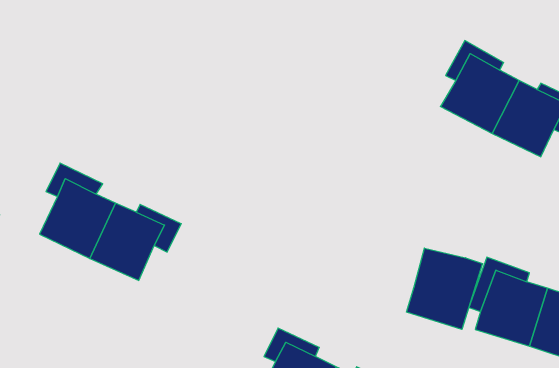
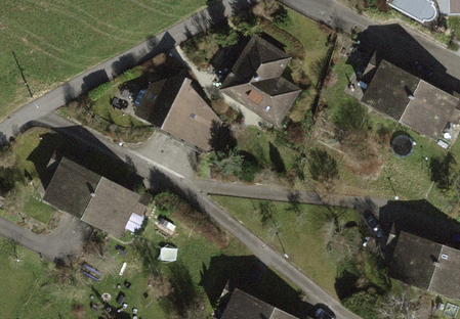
building: none -> [218,32,302,128]
building: none -> [133,75,223,151]
building: [406,248,483,329] -> none

